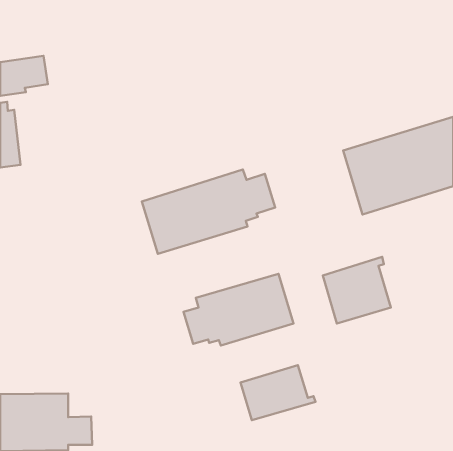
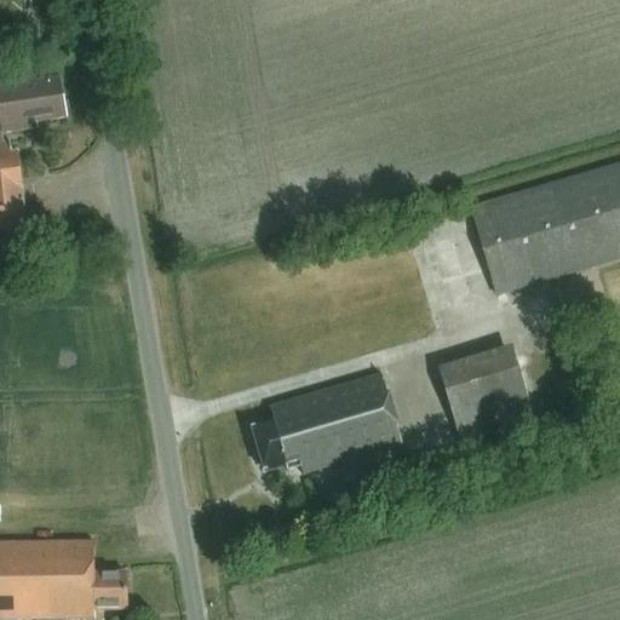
building: [142,170,275,254] -> none
building: [241,365,316,420] -> none

